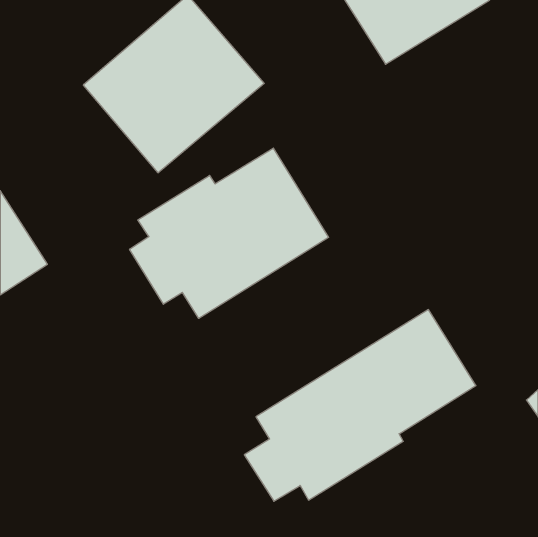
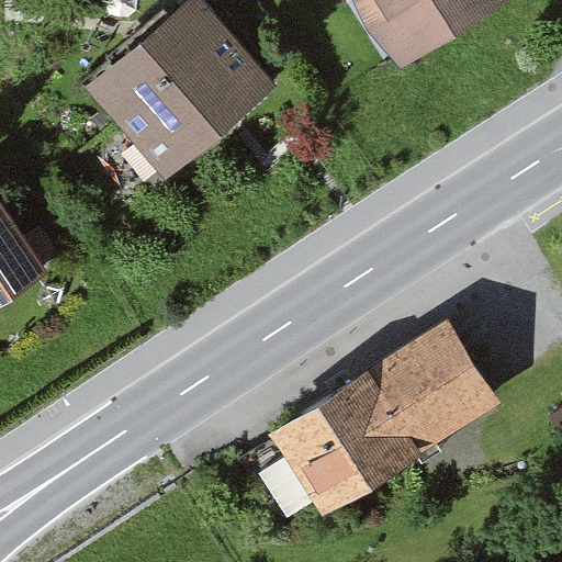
building: [130,148,329,318] -> none

